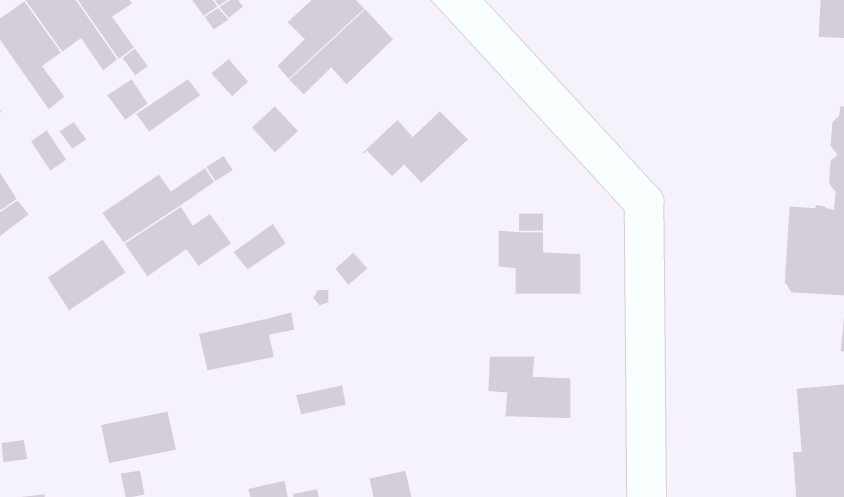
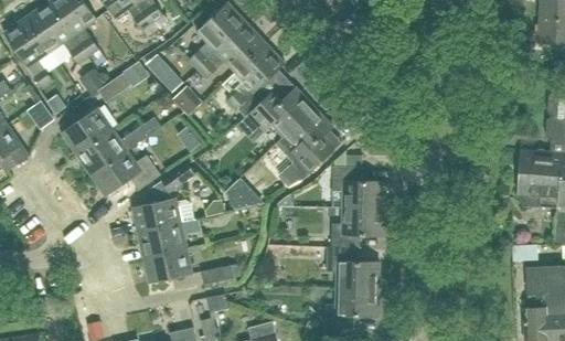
building: none -> [226,42,285,116]
building: none -> [275,107,334,180]
building: [47,238,127,312] -> [61,107,113,154]
building: none -> [132,198,182,233]
building: none -> [331,207,386,247]
building: [100,411,177,464] -> [143,248,193,283]
building: none -> [324,287,380,329]

